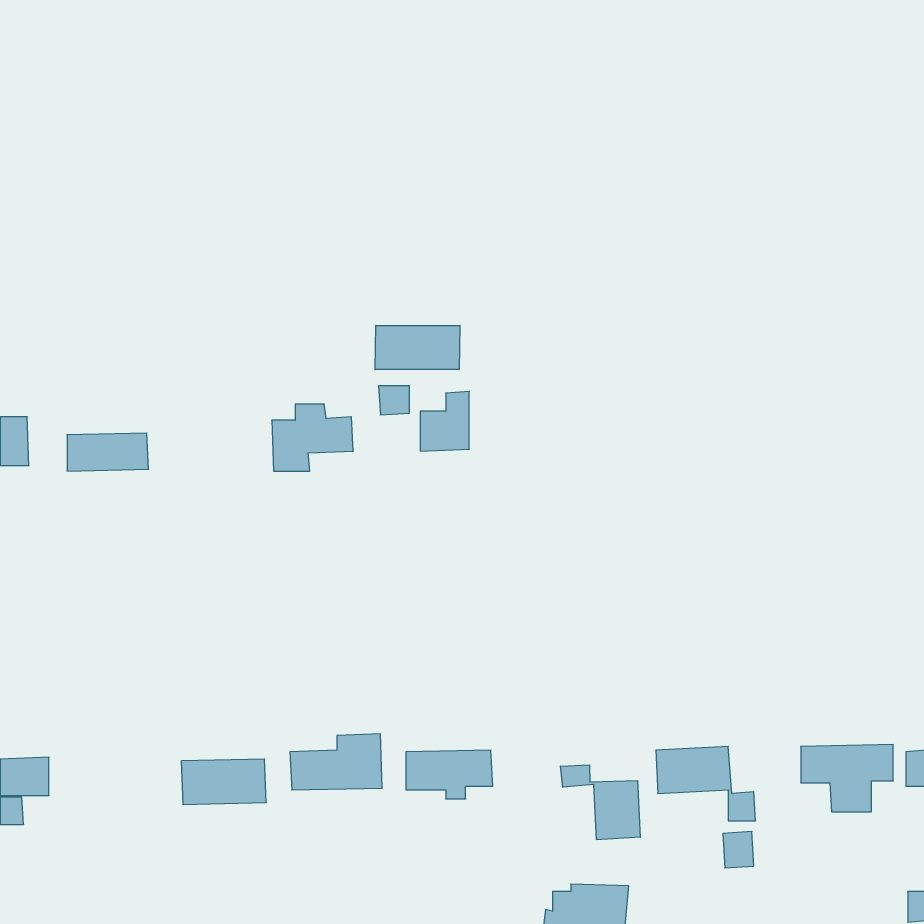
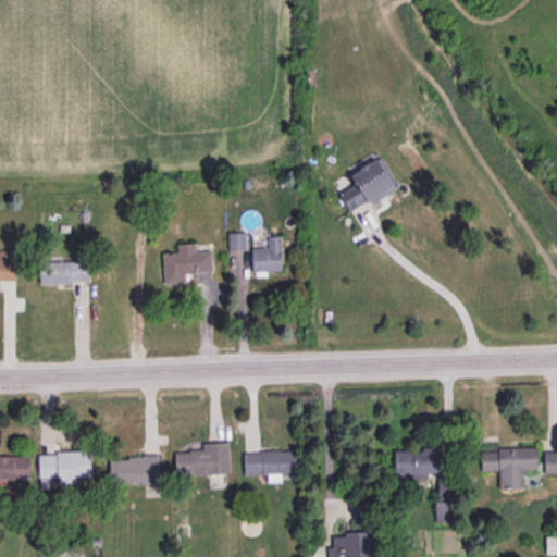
building: none -> [341,157,399,211]
building: [375,325,460,370] -> none
building: none -> [39,451,91,484]
building: [560,765,640,840] -> none

